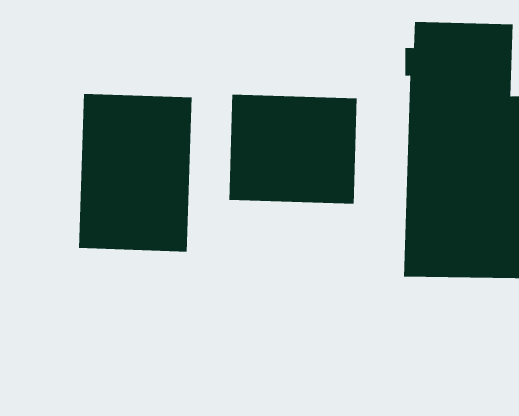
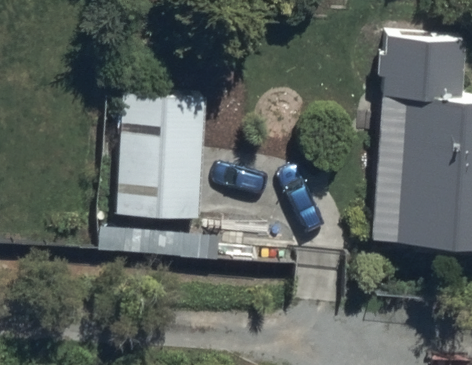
building: [229,94,357,205] -> none

